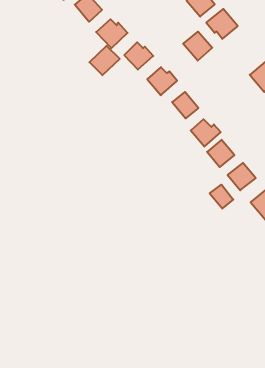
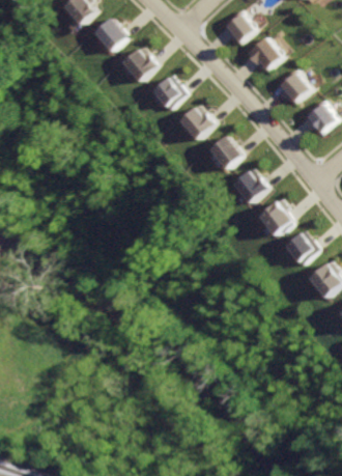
building: [183,32,212,61] -> [280,69,315,105]
building: [89,46,120,75] -> none
building: [210,185,233,209] -> none

